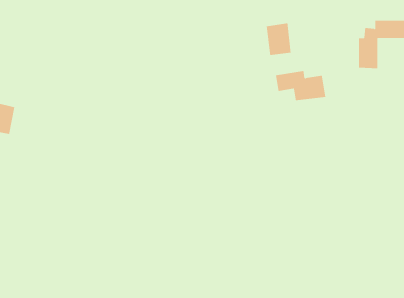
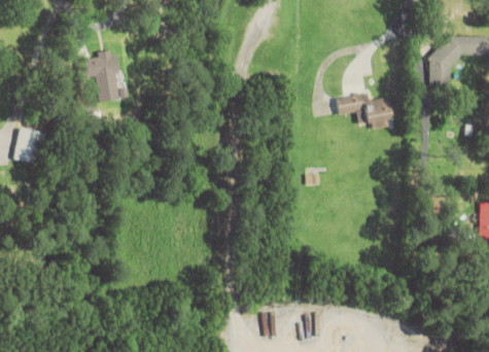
building: [266,22,291,56] -> none
building: none -> [78,54,119,101]

